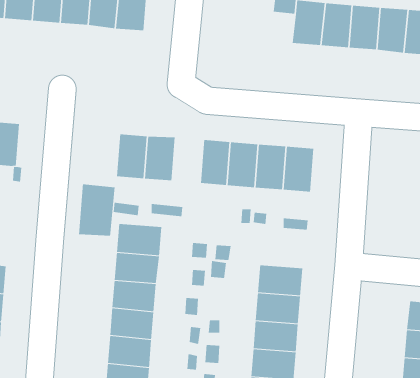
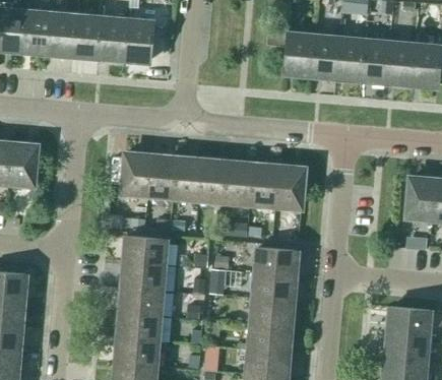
building: none -> [175,159,203,200]
building: [79,184,115,236] -> none
building: none -> [254,248,296,277]

